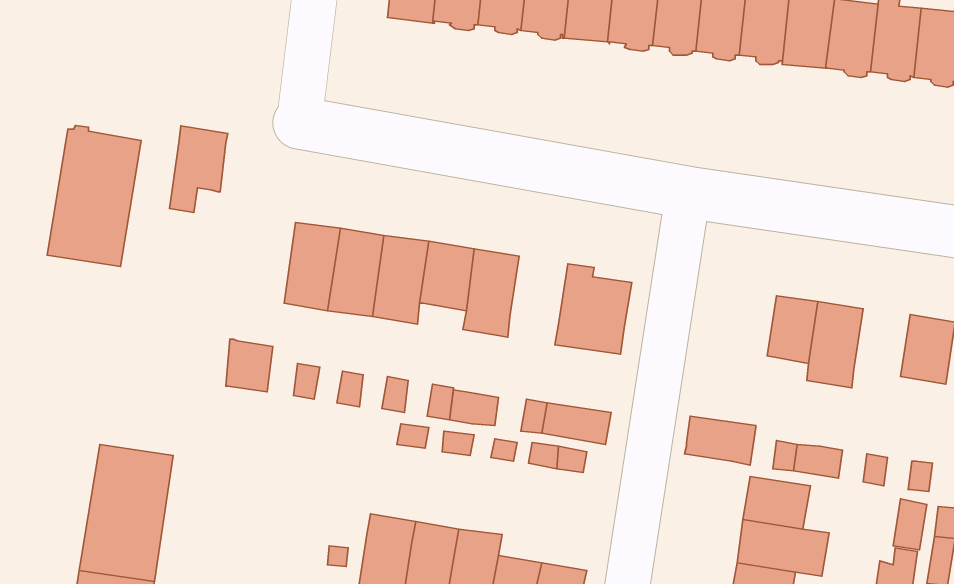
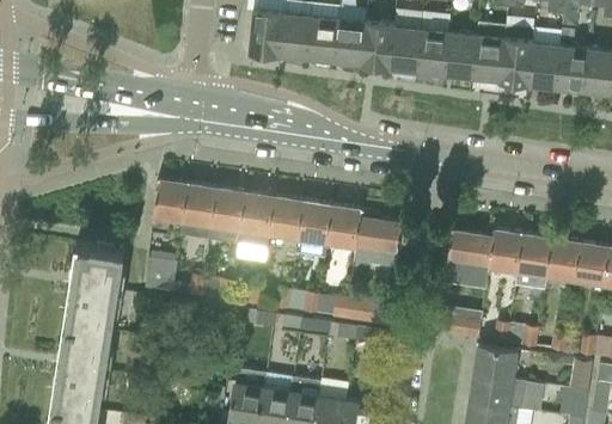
building: [47,125,141,266] -> [65,242,124,332]
building: [169,126,228,212] -> [152,179,189,234]
building: none -> [325,205,362,248]
building: none -> [446,229,495,277]
building: none -> [544,239,580,282]

